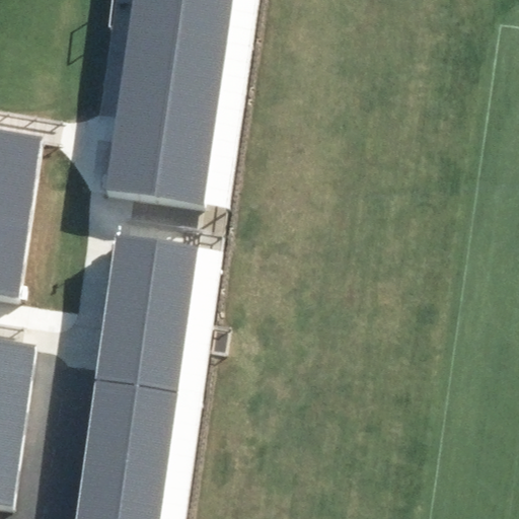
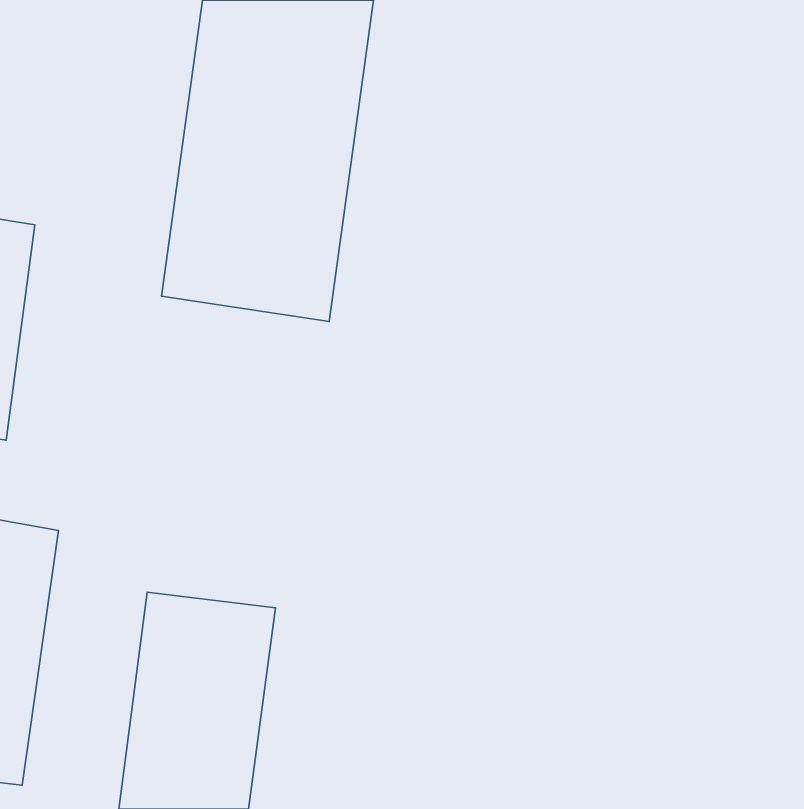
building: [94,231,198,389] -> none

